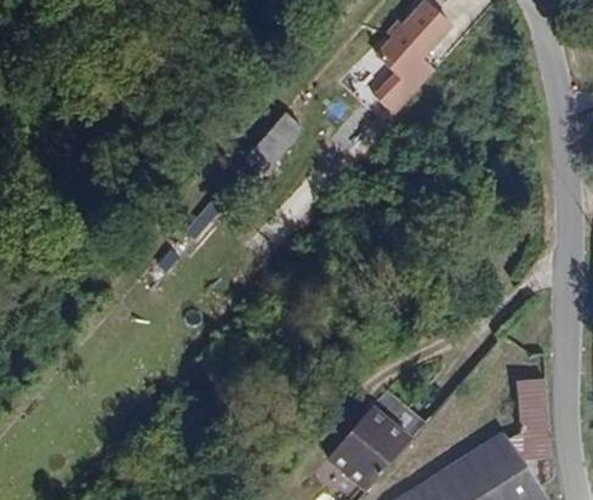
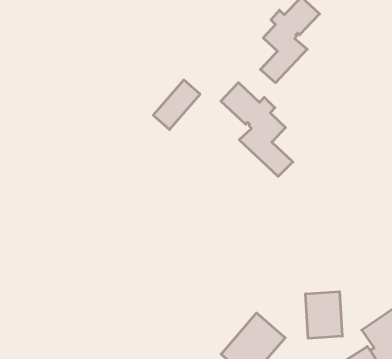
building: none -> [221,83,293,176]
building: none -> [306,292,342,338]

